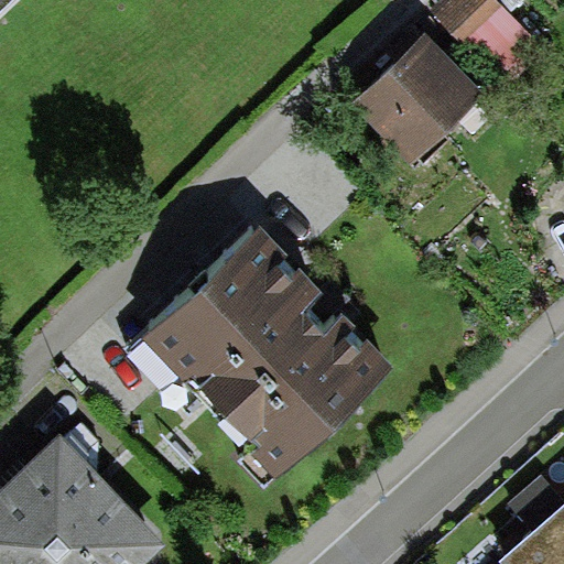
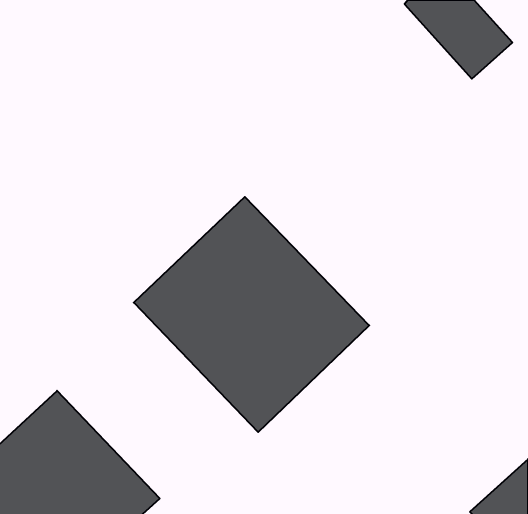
building: [352,35,486,166] -> none

